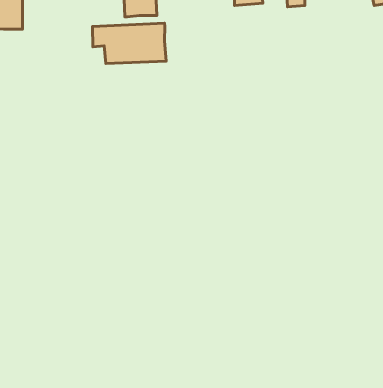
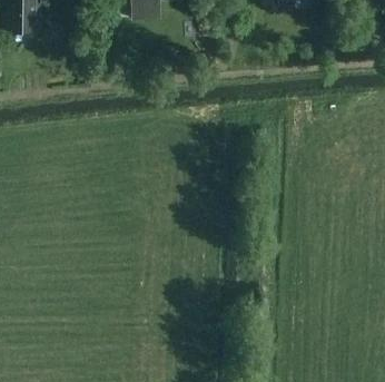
building: [93,23,166,63] -> none

